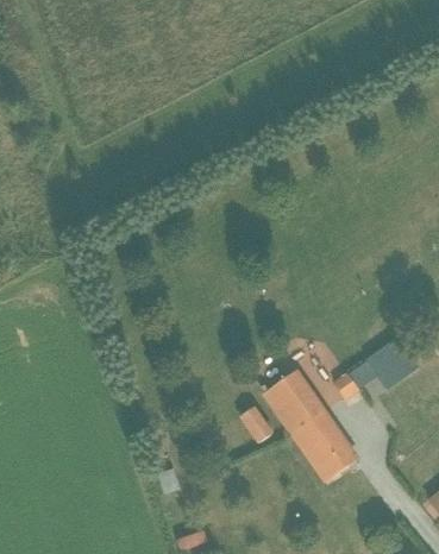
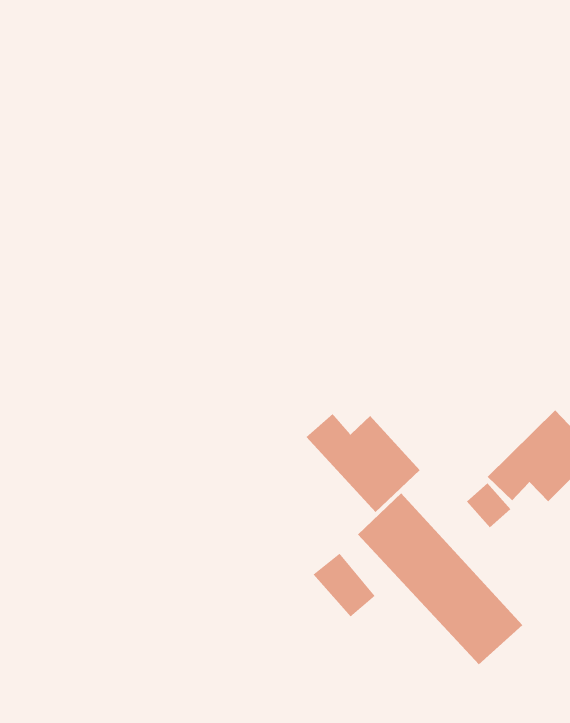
building: none -> [306,413,420,513]

